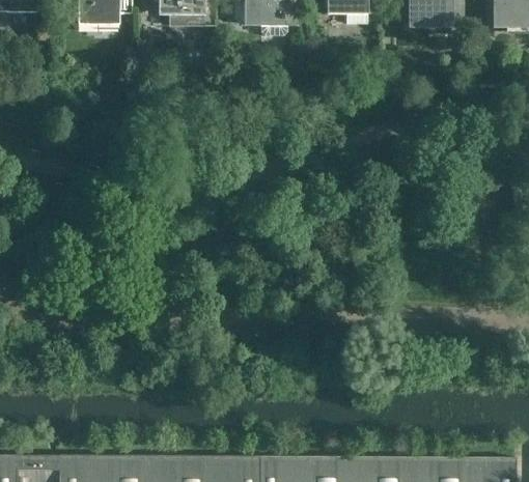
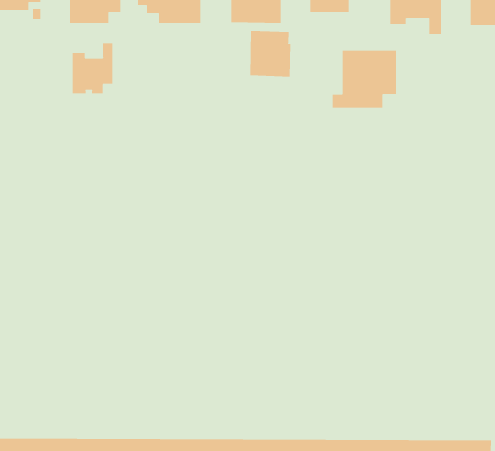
building: none -> [250,30,291,78]
building: none -> [72,42,113,94]
building: none -> [332,50,397,108]

